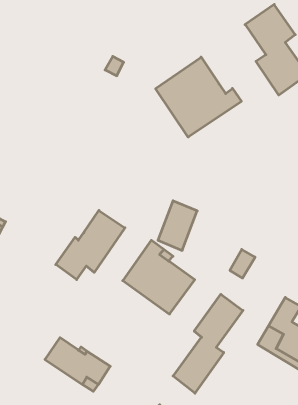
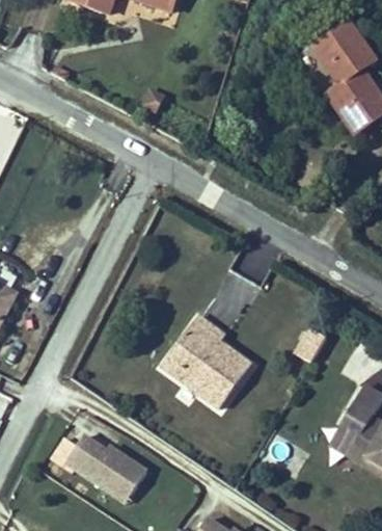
building: [156,57,241,137] -> none
building: [56,210,125,280] -> none
building: [173,294,243,393] -> none

